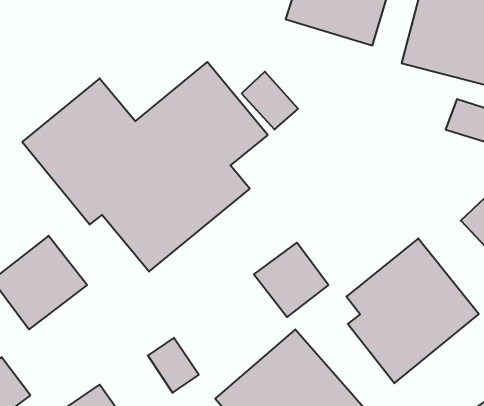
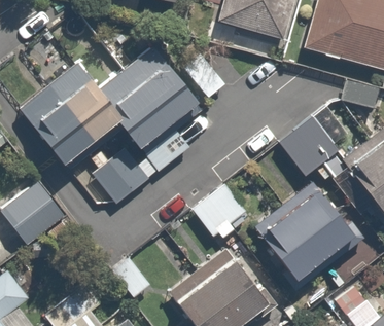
building: none -> [278,112,342,175]

